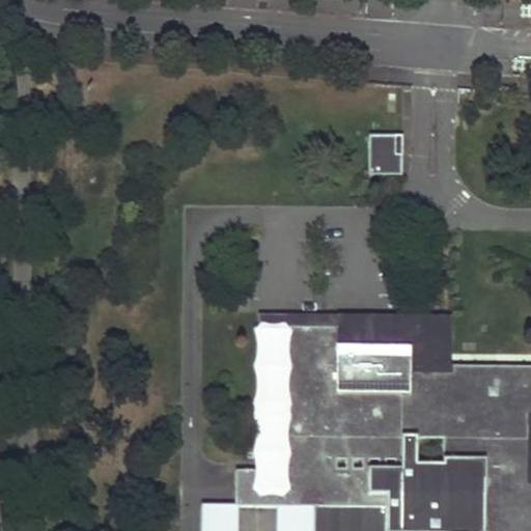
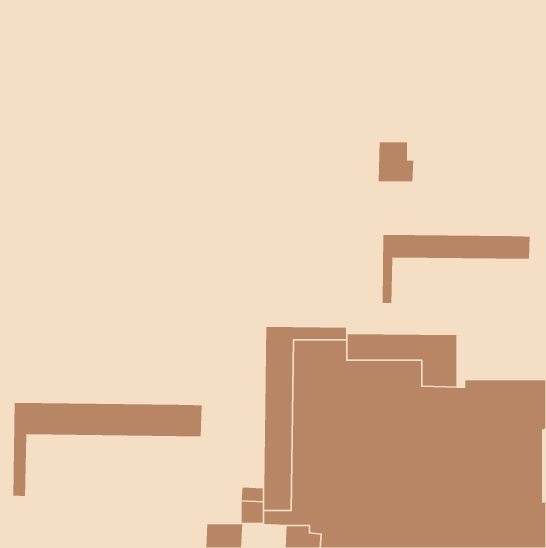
building: none -> [382,234,530,304]
building: none -> [13,402,202,497]

